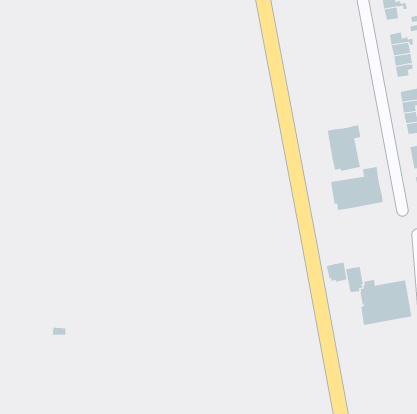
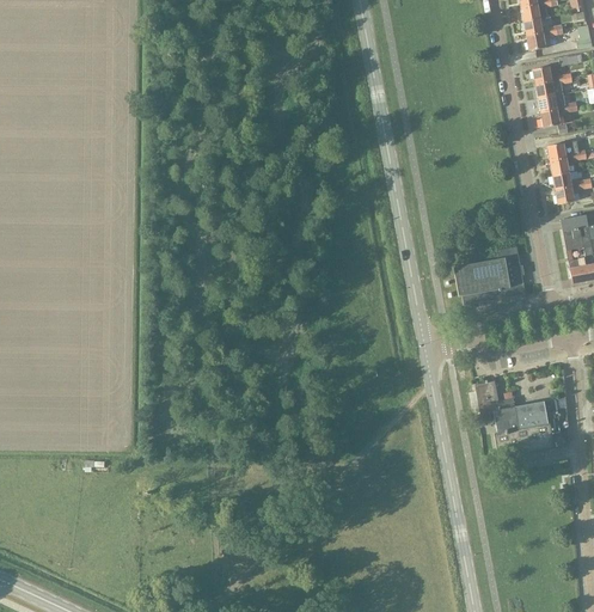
building: [327,124,361,172] -> none
building: [326,262,347,283] -> none

